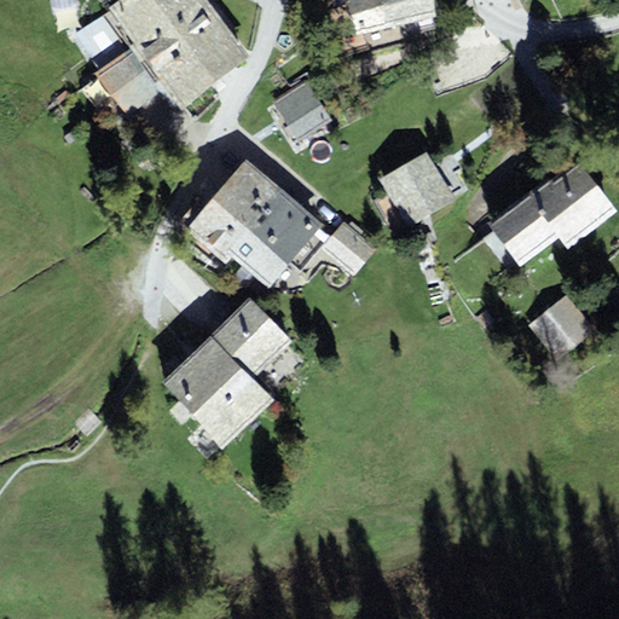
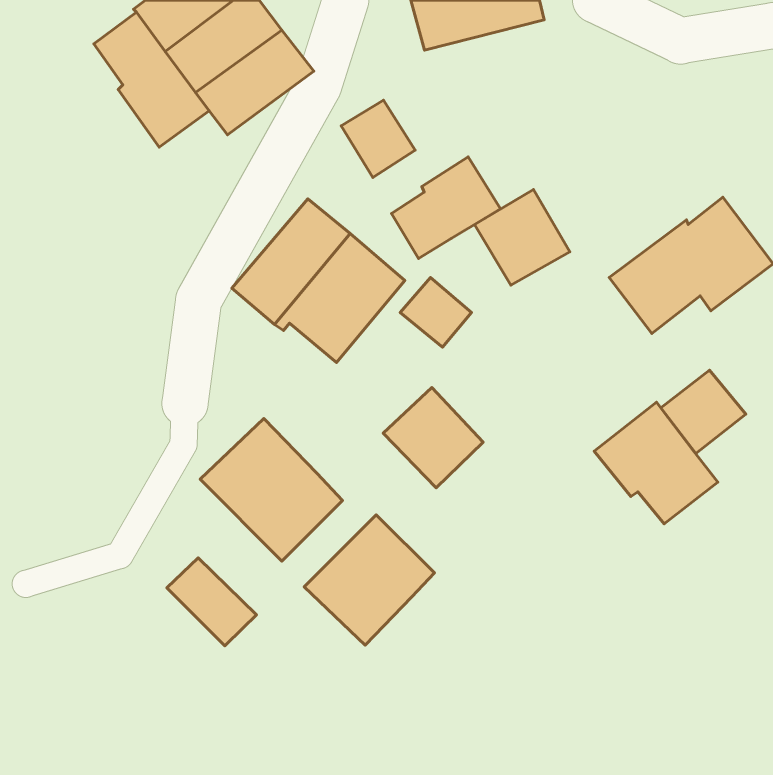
building: none -> [391,157,500,259]
building: [210,297,290,377] -> [383,388,483,488]
building: none -> [594,402,718,524]
building: none -> [304,515,434,645]
building: none -> [167,558,256,646]

